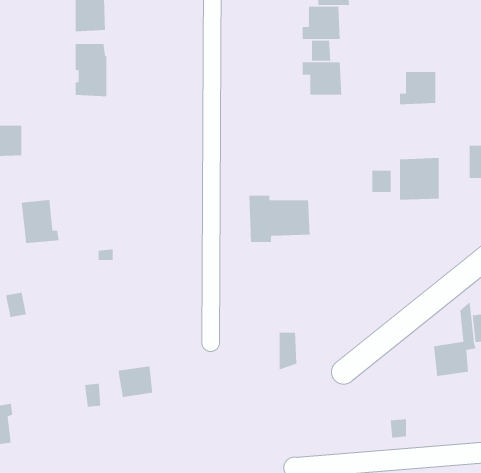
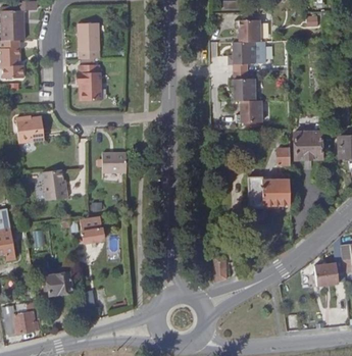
building: [399,71,436,105] -> [236,100,260,122]
building: none -> [102,151,125,172]
building: [249,195,310,243] -> [247,177,288,209]
building: none -> [81,215,104,242]
building: [118,365,153,398] -> [47,272,70,294]

